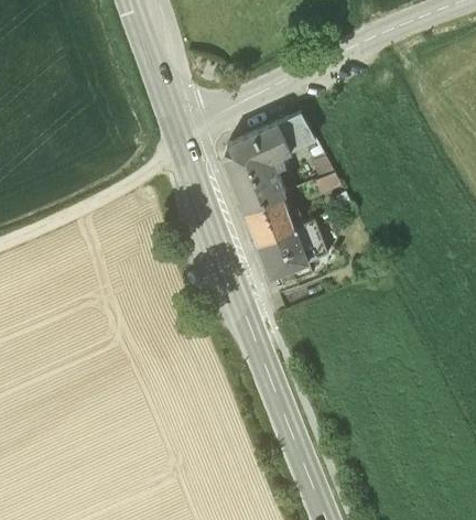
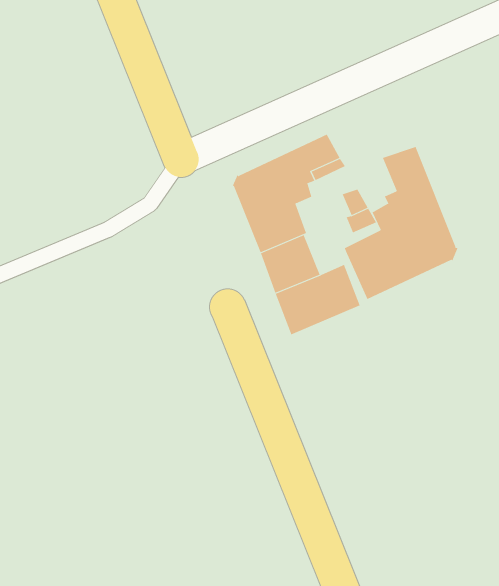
building: none -> [344,146,459,300]

